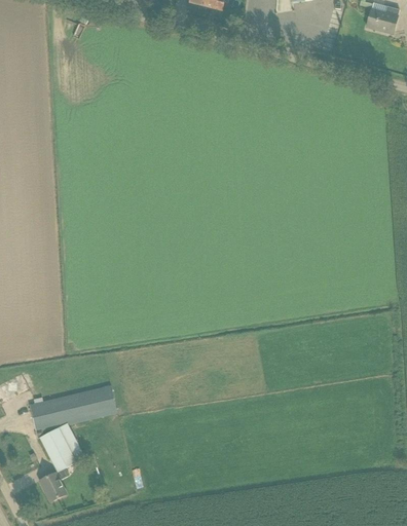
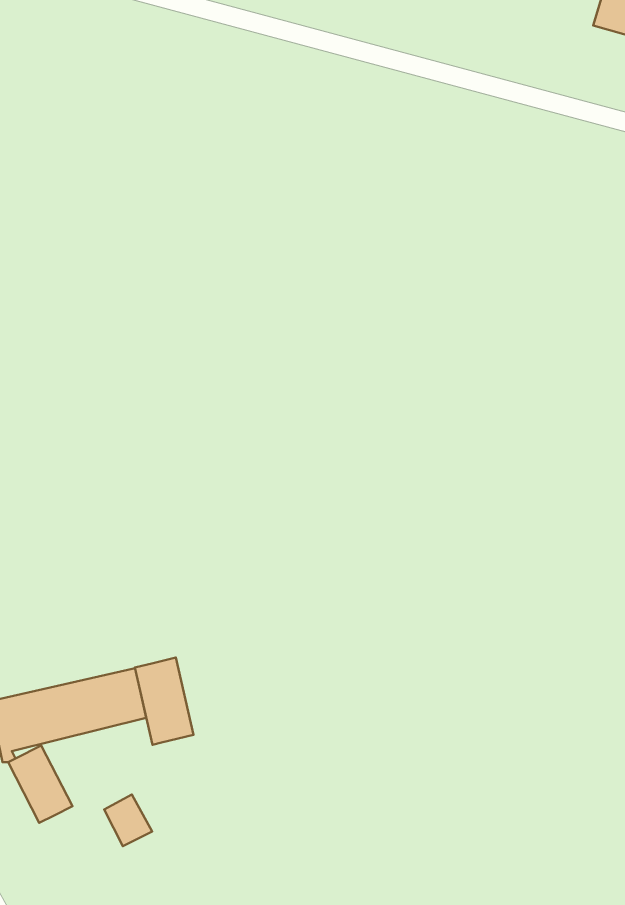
building: none -> [135,658,193,745]
building: [40,472,67,500] -> [104,795,152,846]

